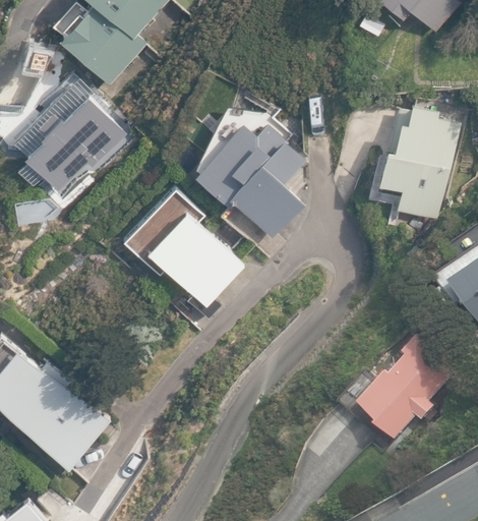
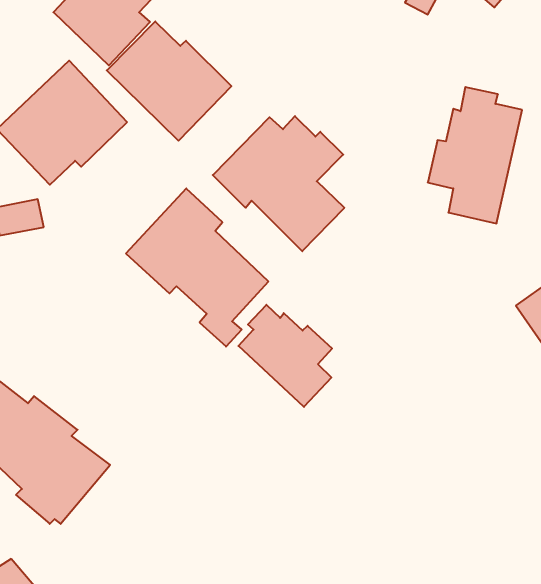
building: none -> [107,21,231,141]
building: none -> [238,305,332,407]
building: [341,338,457,450] -> none

